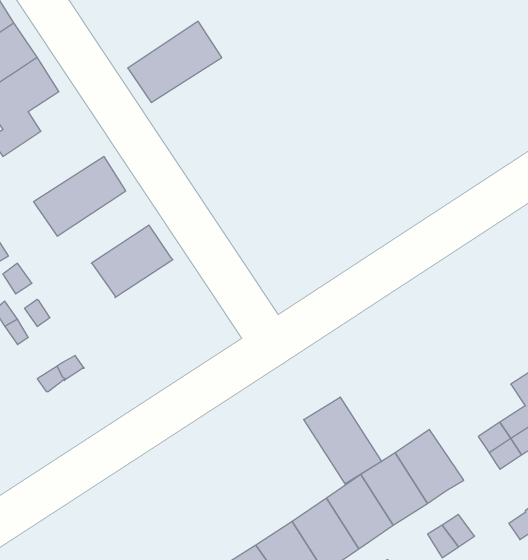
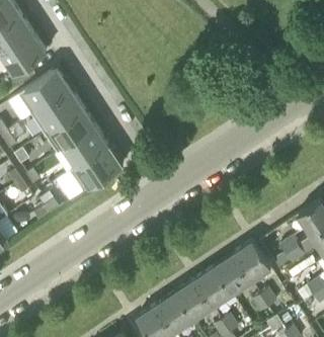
building: [128,21,222,103] -> [18,68,71,113]
building: none -> [45,107,96,153]
building: none -> [70,144,124,191]
building: [304,397,382,484] -> none

